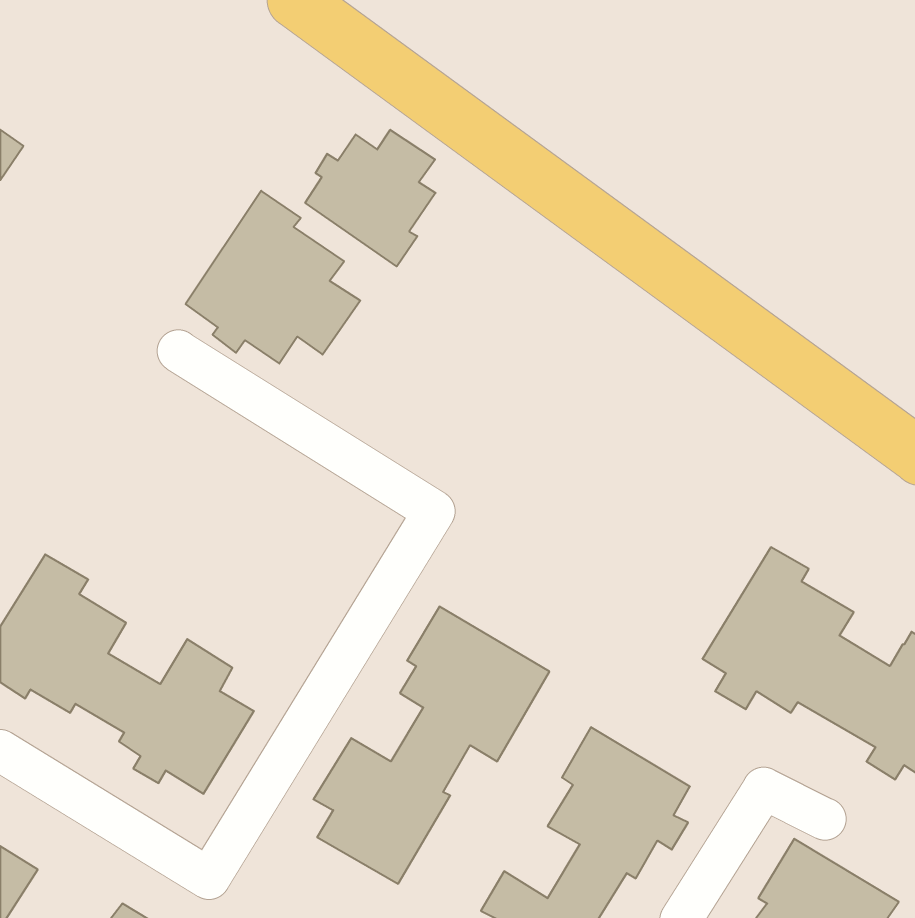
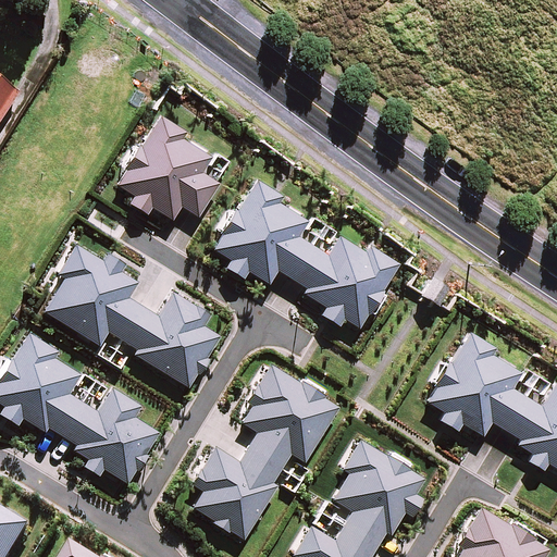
building: [305,130,436,266] -> none
building: none -> [216,182,396,325]
building: none -> [47,244,222,386]

